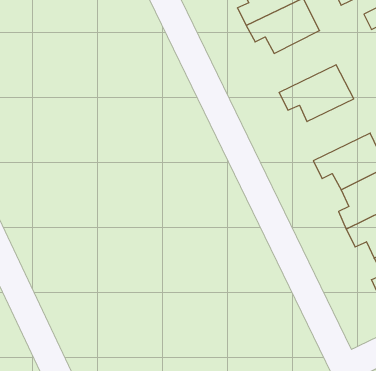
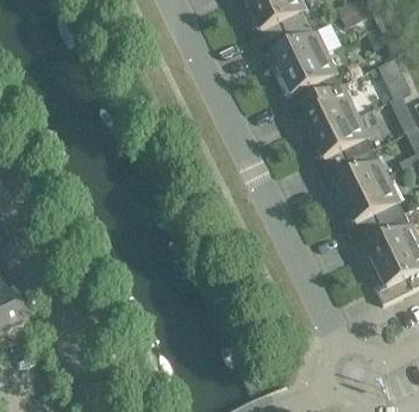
building: none -> [281,50,342,108]
building: none -> [312,114,374,173]

